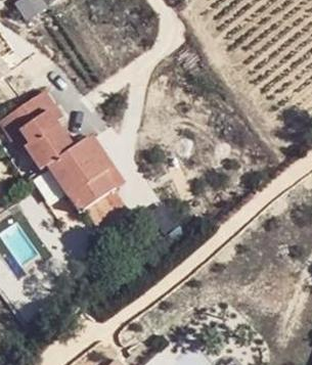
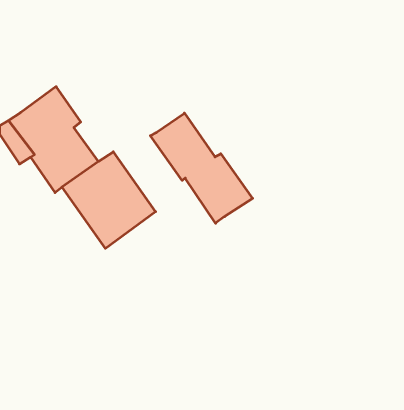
building: none -> [150,113,253,223]

